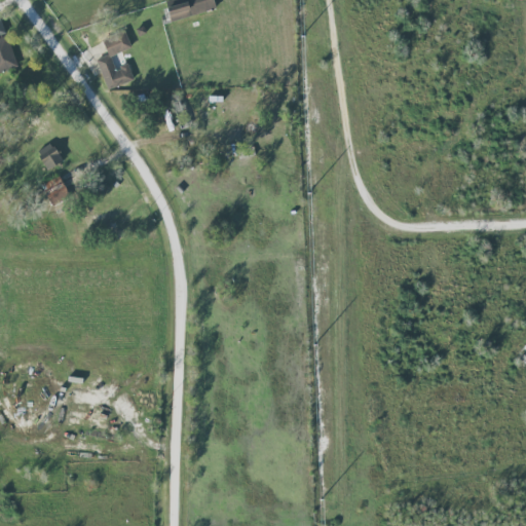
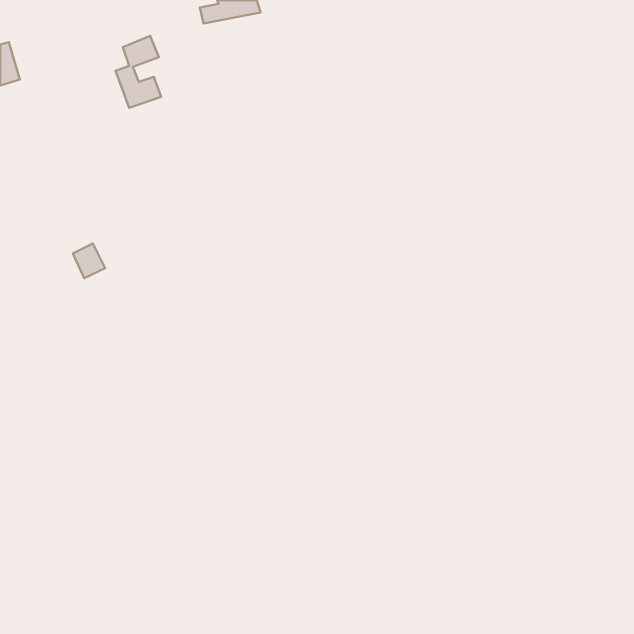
building: [36,142,62,170] -> none
building: [42,176,69,204] -> [73,243,105,278]

